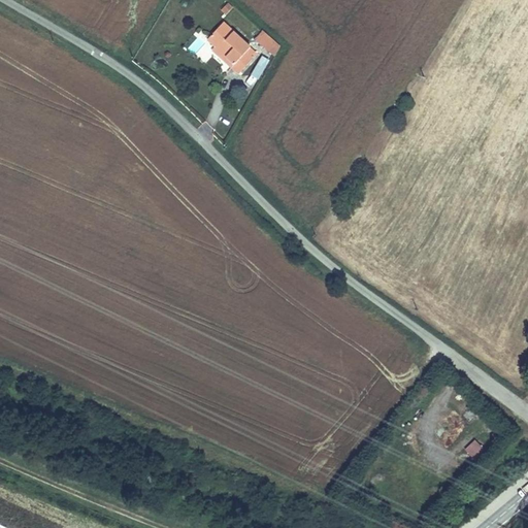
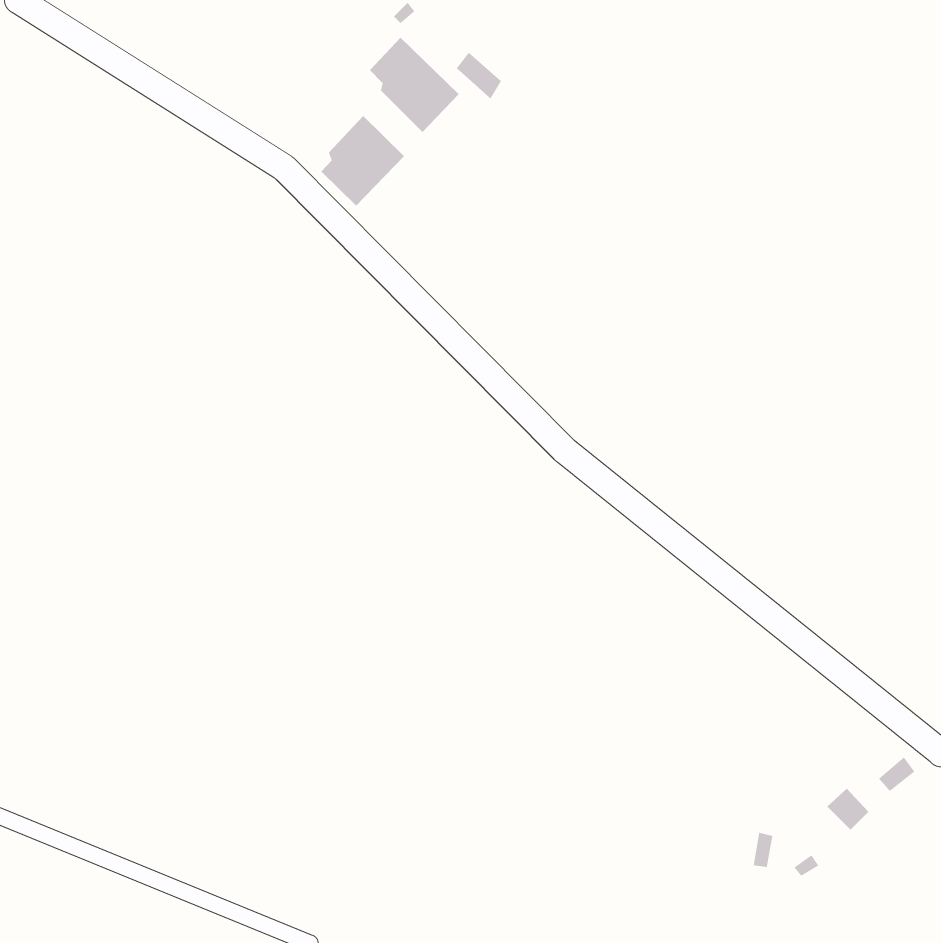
building: none -> [321,115,405,207]

